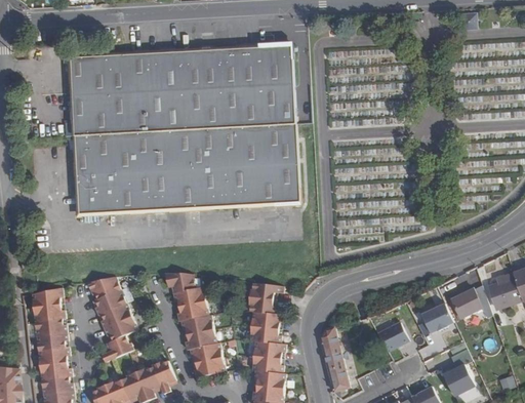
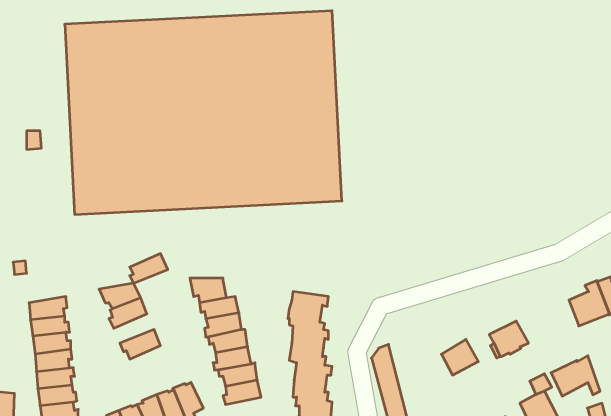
building: [447,286,488,320] -> [551,356,600,396]
building: [106,299,137,324] -> [130,254,168,283]
building: [102,334,132,360] -> none

